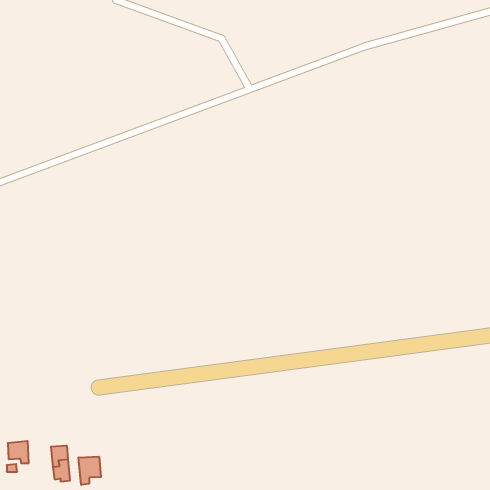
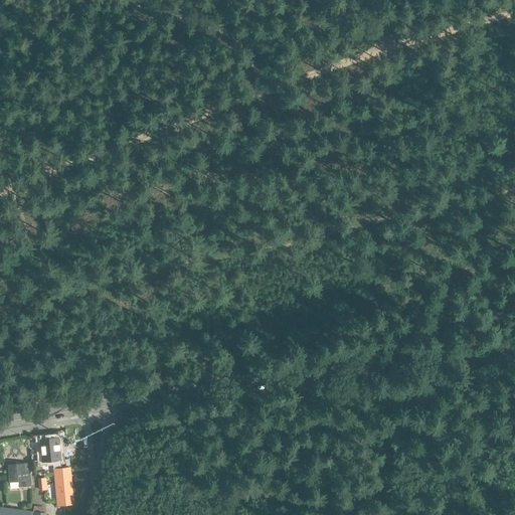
building: none -> [39,438,59,461]
building: [79,457,101,485] -> none

